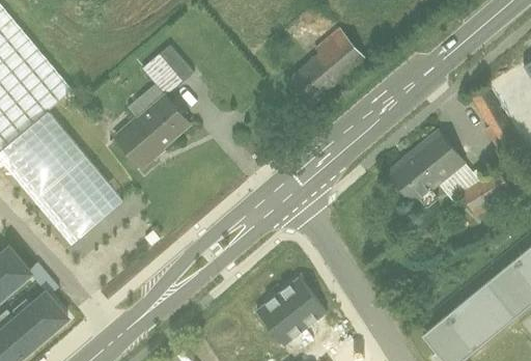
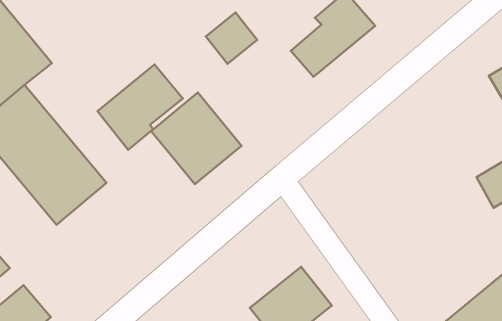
building: [145,46,192,92] -> [206,13,257,64]
building: none -> [151,92,242,184]
building: [388,126,472,205] -> none

